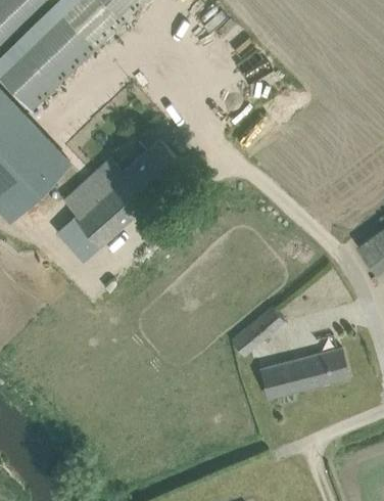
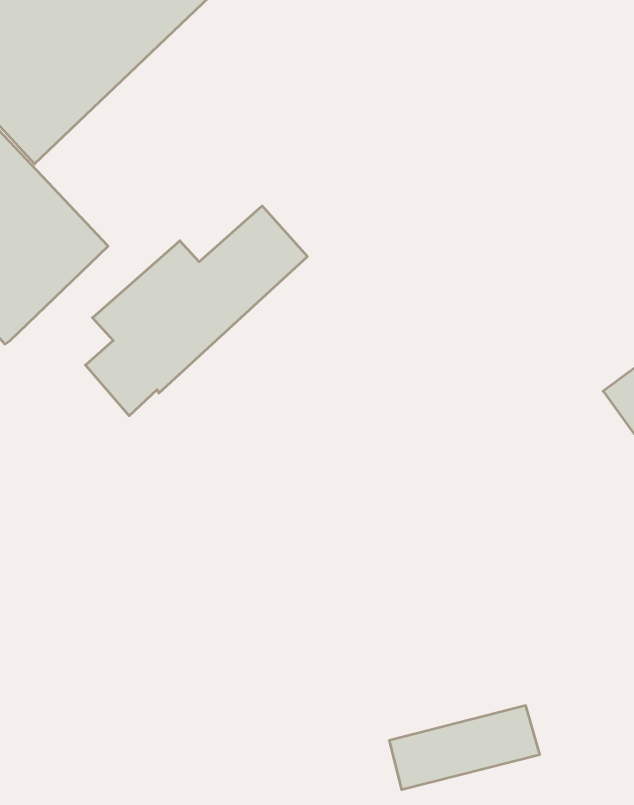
building: [243,308,283,346] -> none
building: [259,350,347,399] -> [389,706,540,790]

